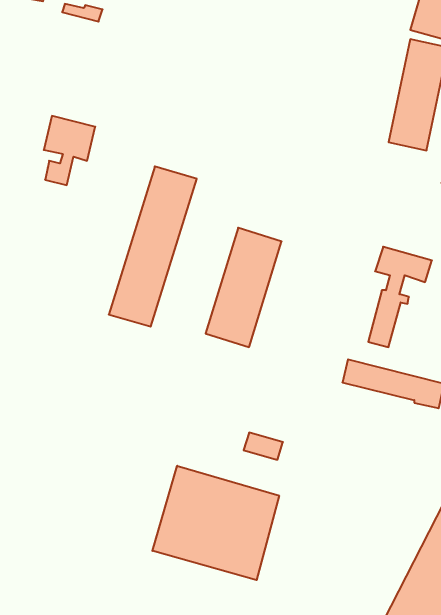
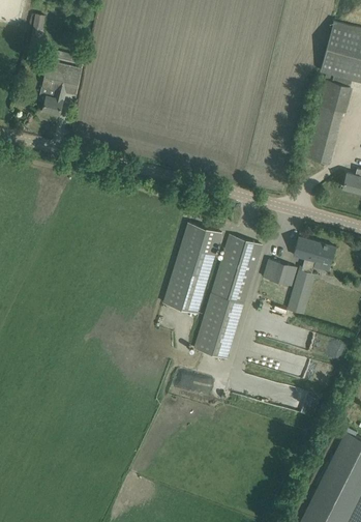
building: [44,116,95,185] -> [42,61,82,114]
building: [109,166,197,327] -> [194,236,262,358]
building: none -> [263,260,296,286]
building: [152,466,279,580] -> none

